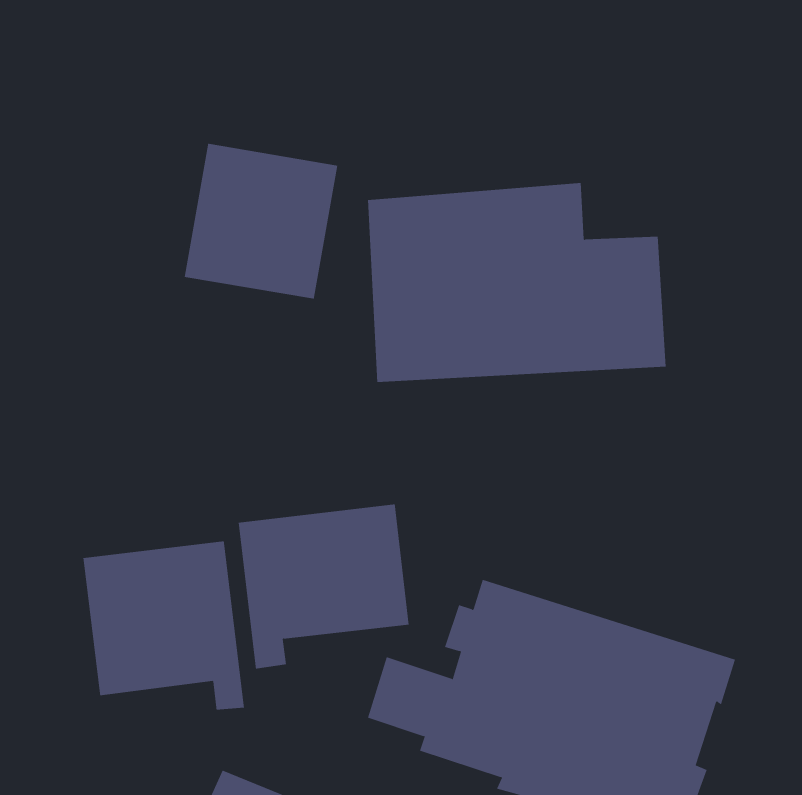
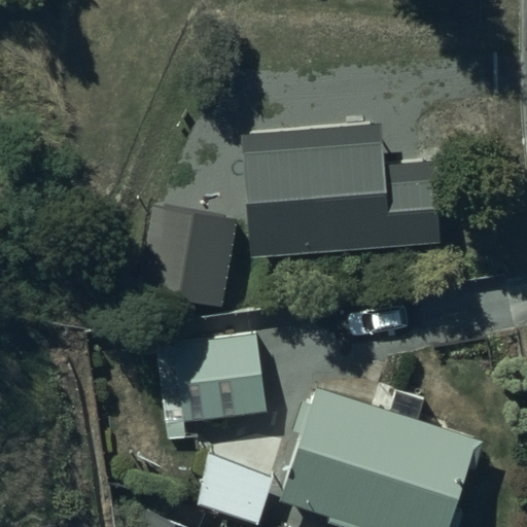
building: [184,143,338,299] -> [136,205,237,307]
building: [83,541,245,710] -> none

